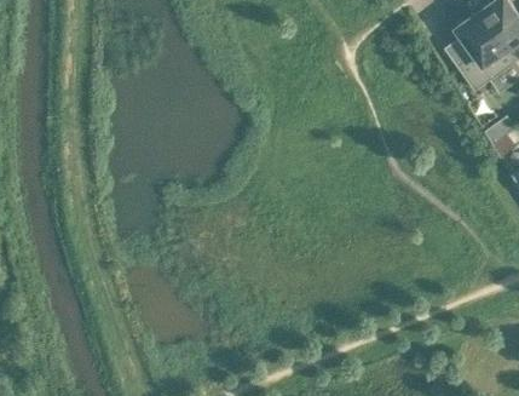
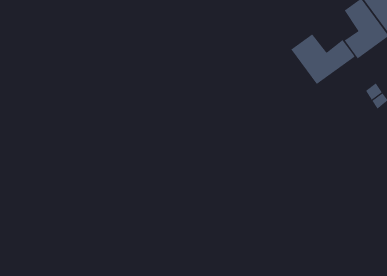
building: none -> [291,33,355,85]

